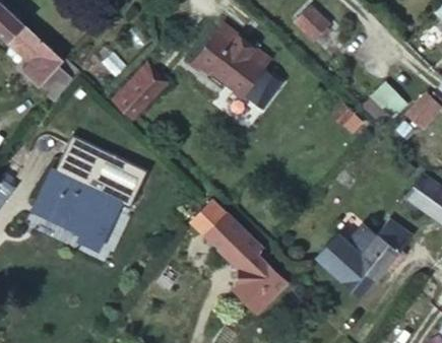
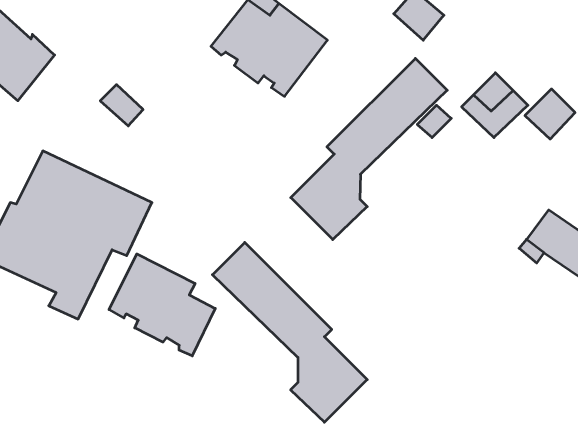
building: [123,65,167,108] -> none
building: none -> [291,58,447,240]
building: none -> [109,254,215,356]
building: [315,216,412,296] -> none

